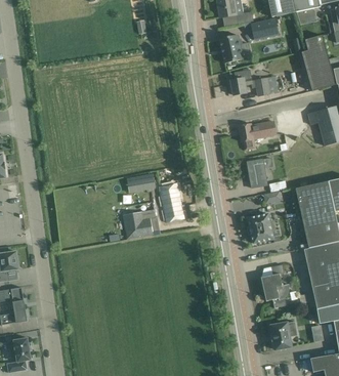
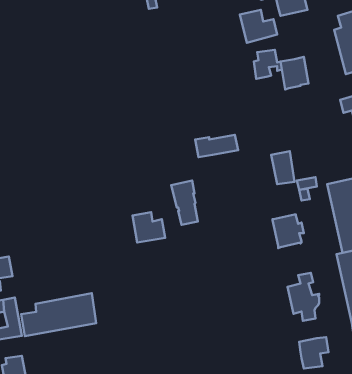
building: [238,122,276,141] -> [195,135,238,157]
building: [126,174,155,193] -> none
building: none -> [21,293,96,336]

